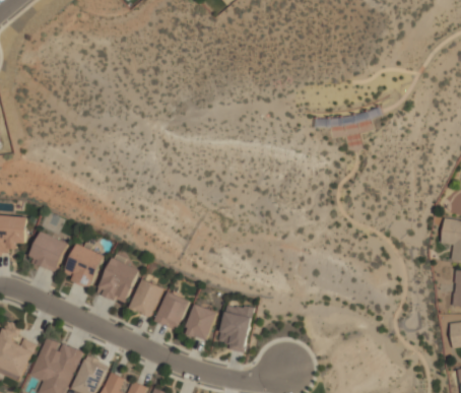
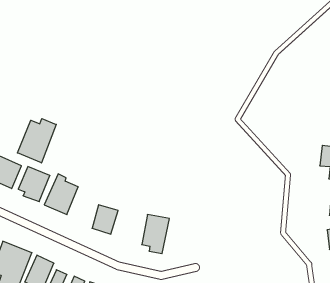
building: none -> [17,119,56,163]
building: [129,278,164,317] -> none
building: [185,304,217,340] -> none

